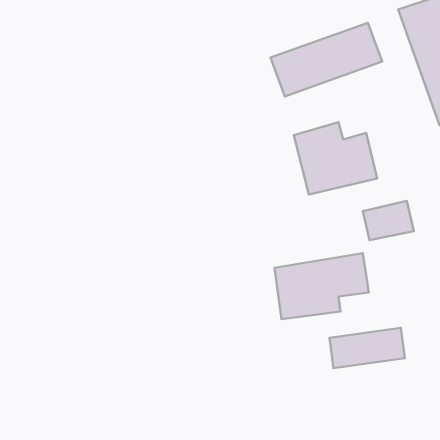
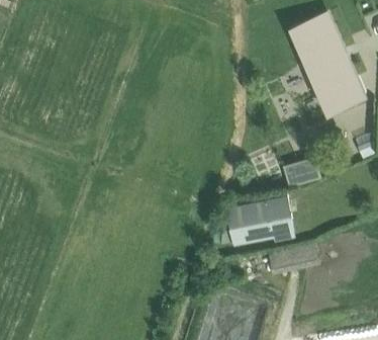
building: [271,23,382,96] -> none
building: [294,122,377,194] -> none

